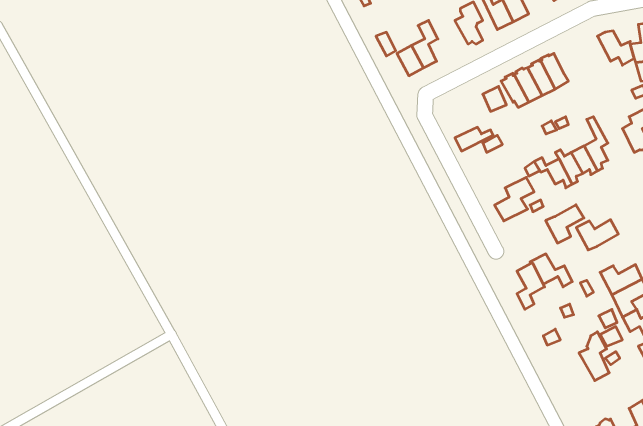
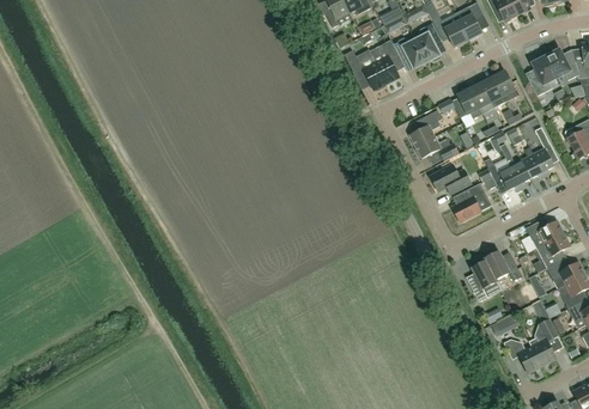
building: none -> [395,38,427,71]
building: none -> [530,54,557,96]
building: none -> [408,109,442,146]
building: none -> [430,164,470,194]
building: [546,205,584,243] -> [536,233,571,268]
building: none -> [504,340,542,372]

